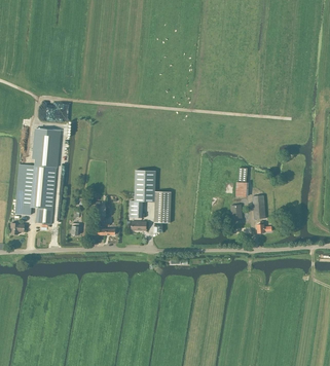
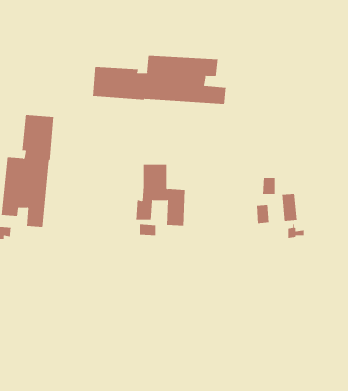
building: none -> [92,55,226,105]

